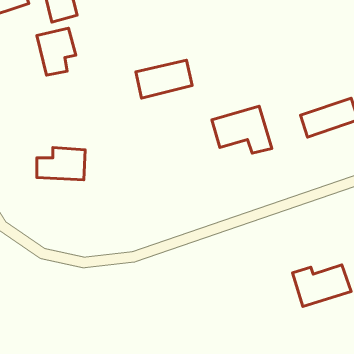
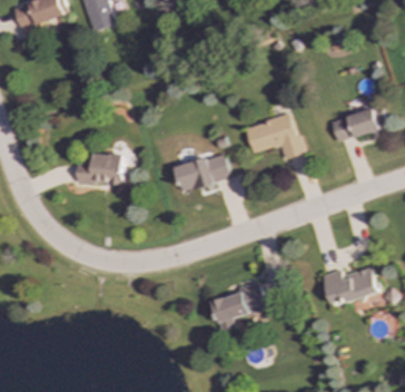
building: [37,28,76,75] -> none
building: [136,60,192,98] -> [175,154,229,190]
building: none -> [211,281,266,331]

